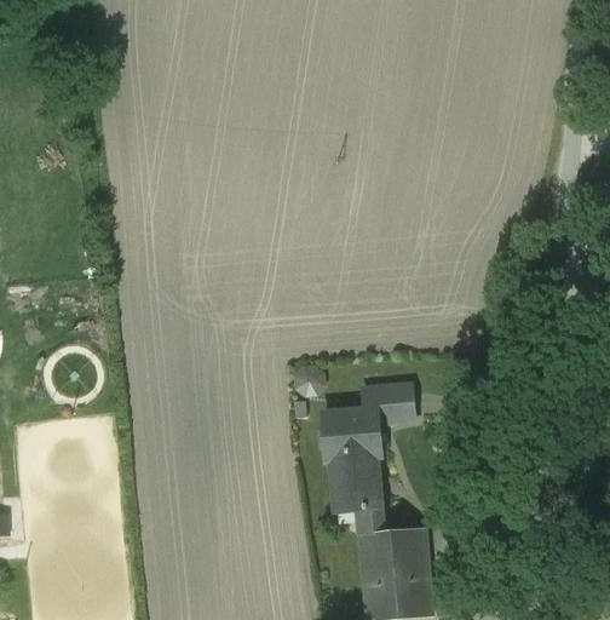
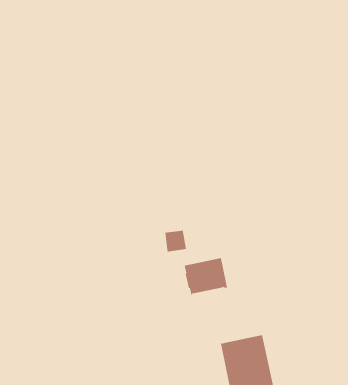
building: [363,385,414,420] -> none
building: [330,453,380,511] -> none

